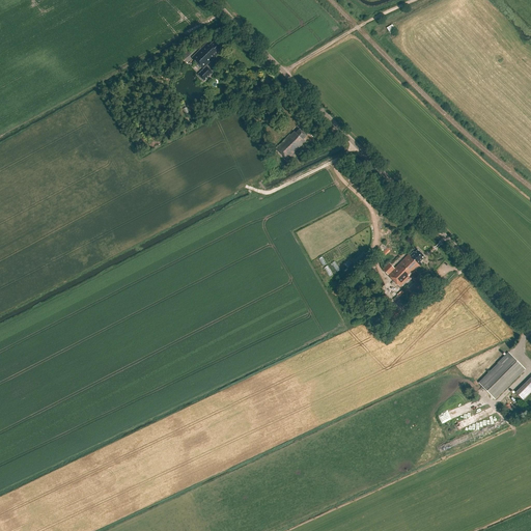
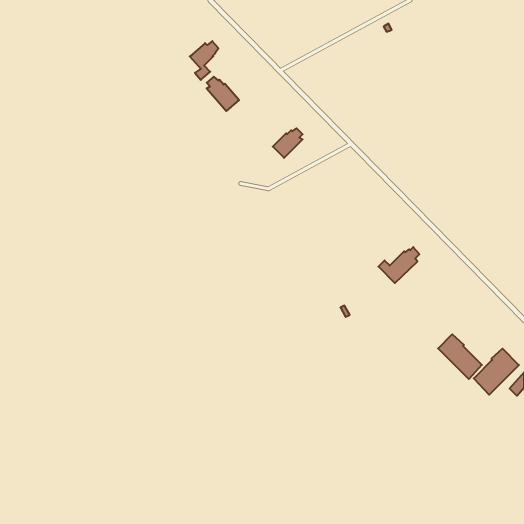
building: none -> [207,77,239,111]
building: none -> [438,334,482,379]

